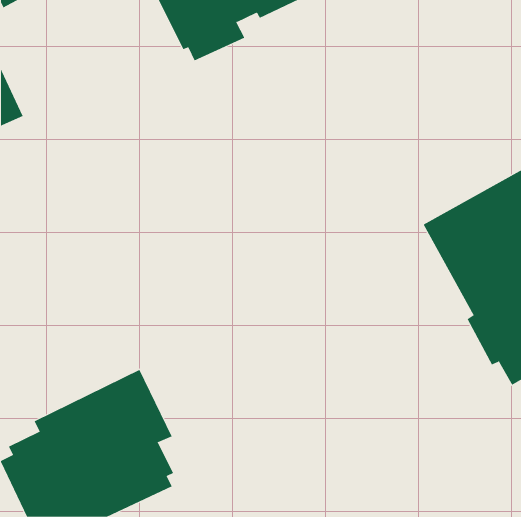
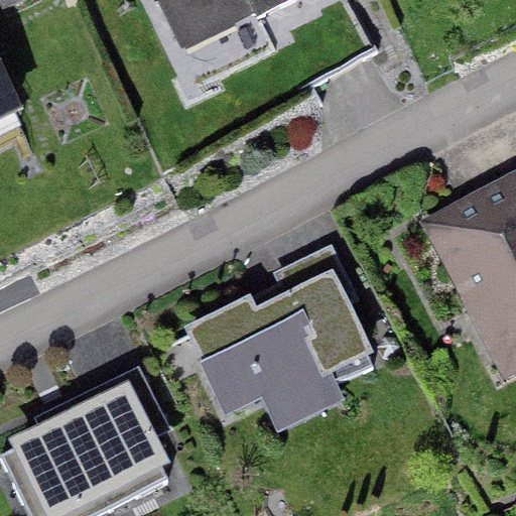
building: none -> [183,243,375,431]

